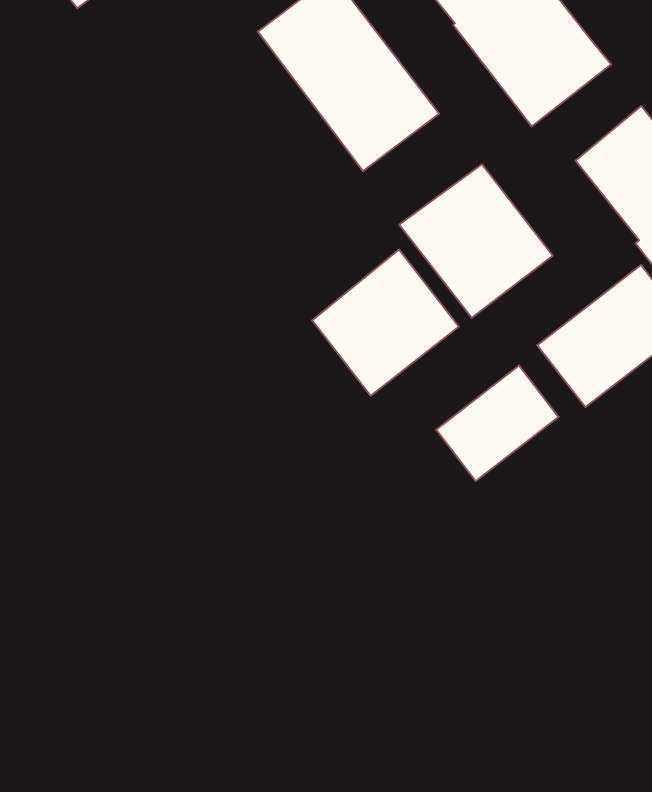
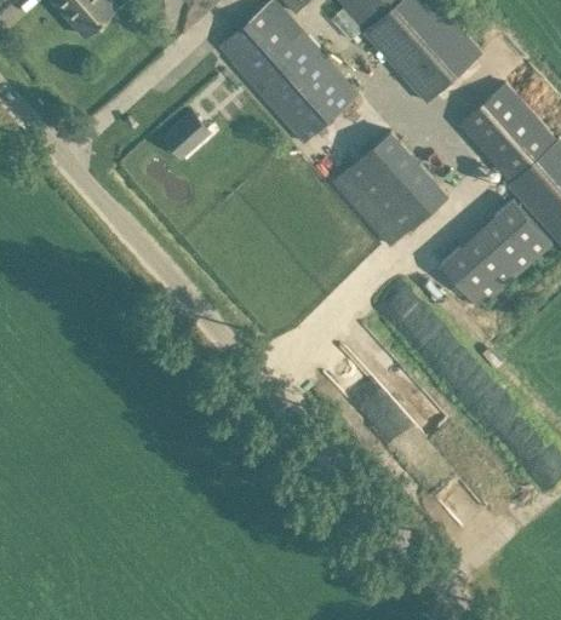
building: [312,250,459,396] -> none
building: [436,365,559,481] -> none

